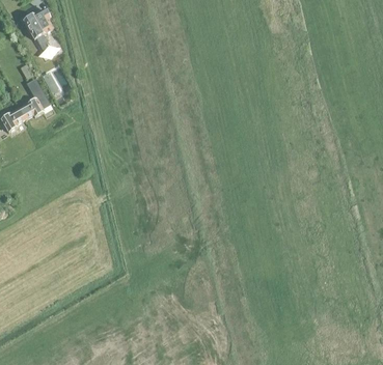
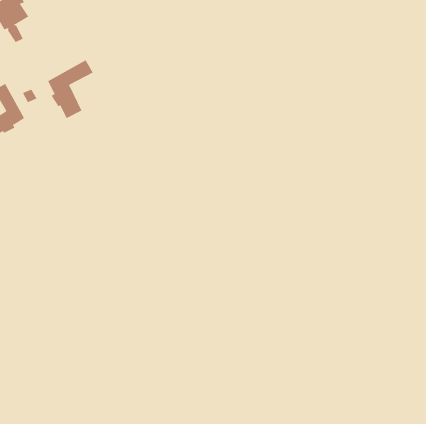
building: none -> [48,59,93,119]

